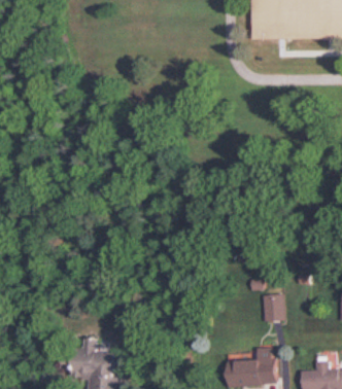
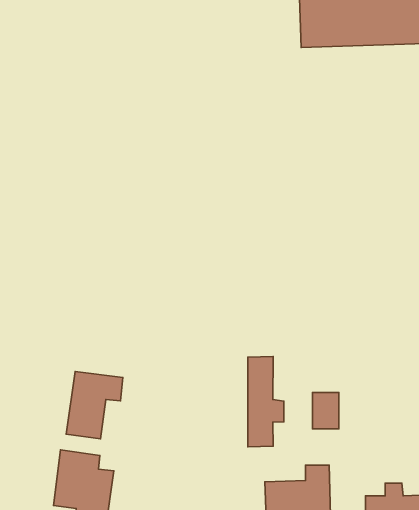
building: none -> [248,356,284,447]
building: none -> [66,372,123,439]

